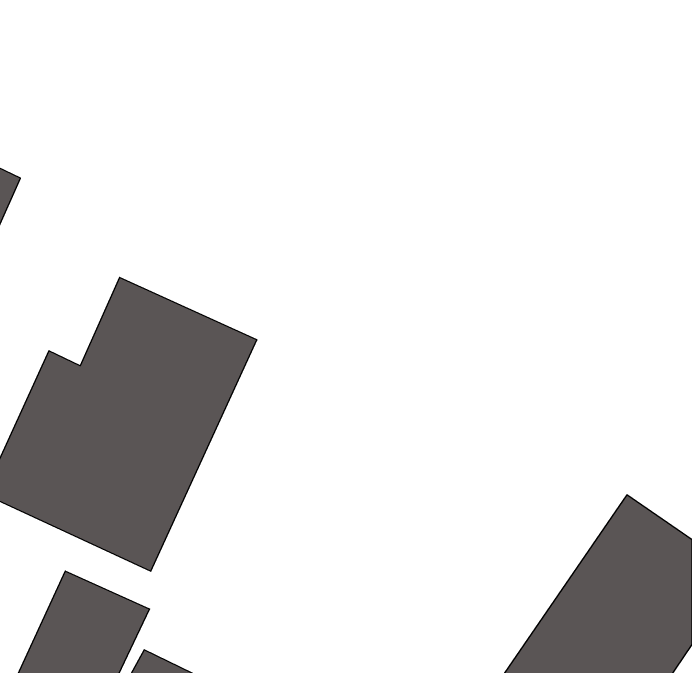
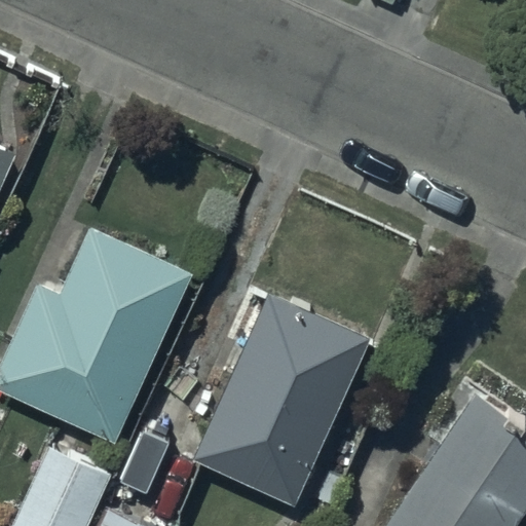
building: none -> [193,293,371,505]

